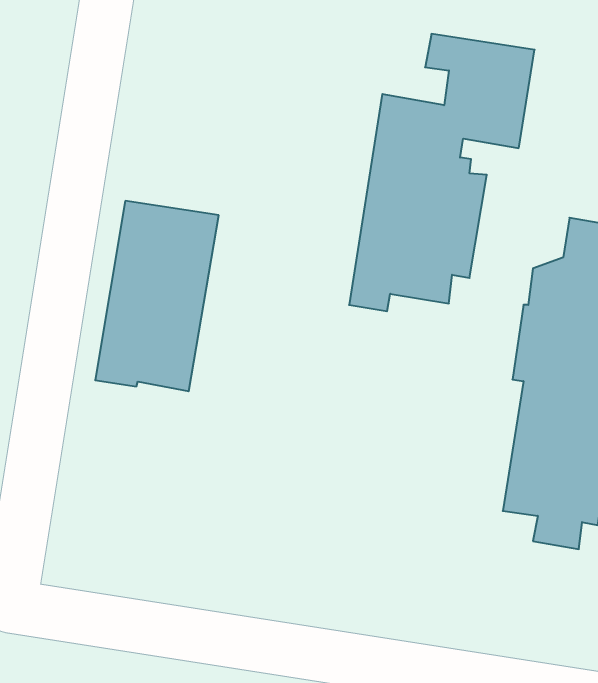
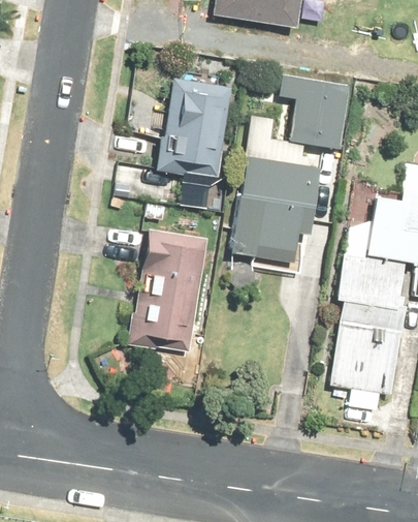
building: none -> [157,76,231,186]
building: [95,201,219,391] -> [129,227,210,351]

